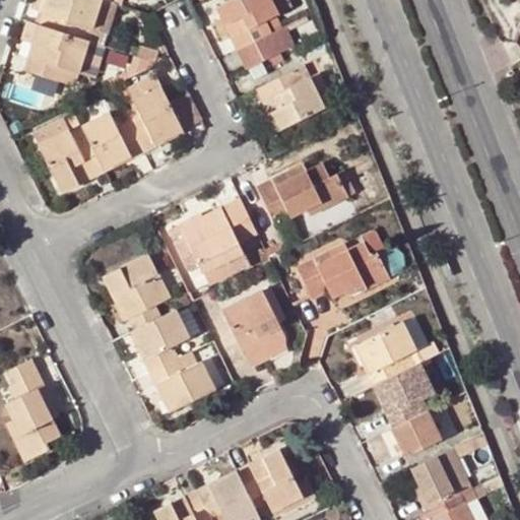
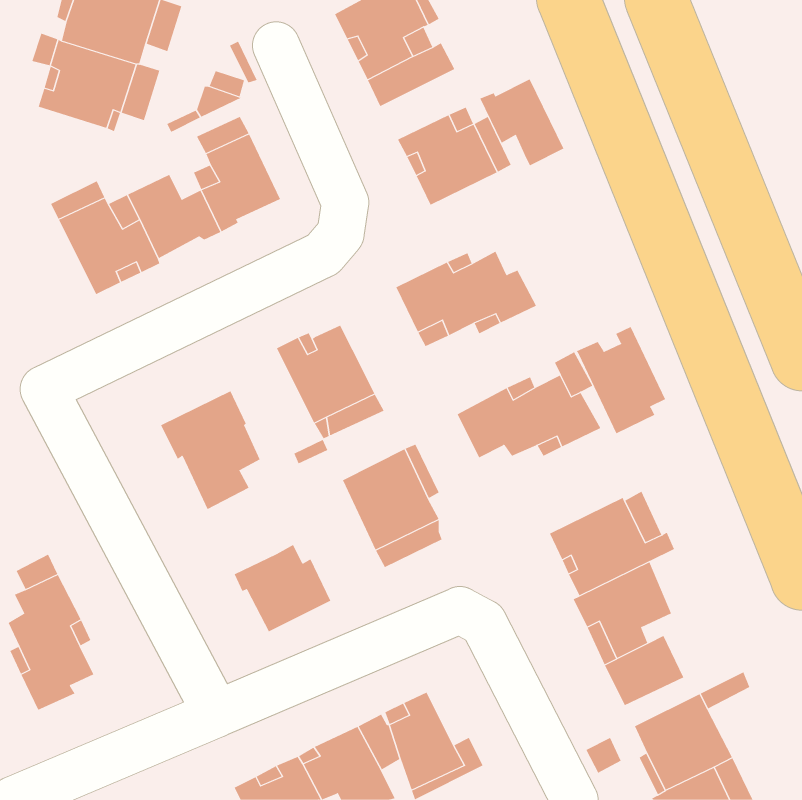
building: none -> [479,79,564,166]
building: [220,200,256,243] -> none
building: none -> [576,326,666,434]
building: [134,310,189,372] -> none

